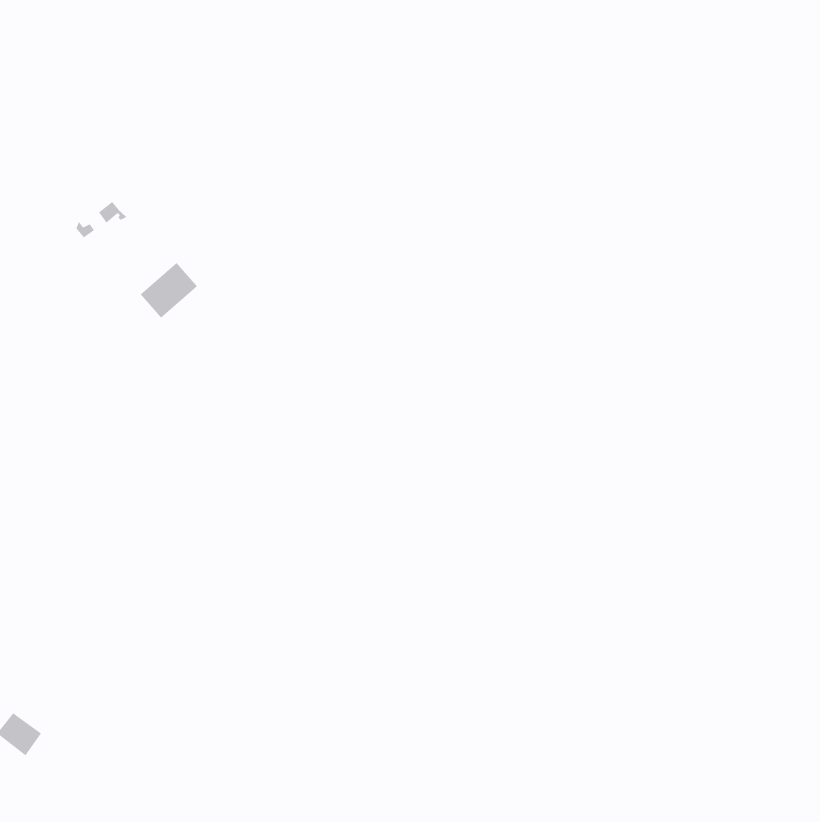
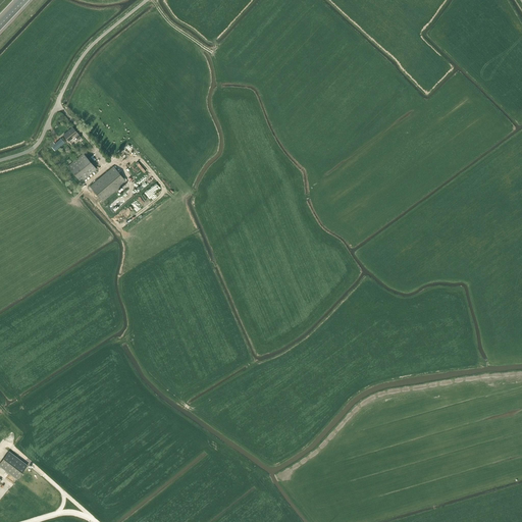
building: none -> [66,153,95,181]

